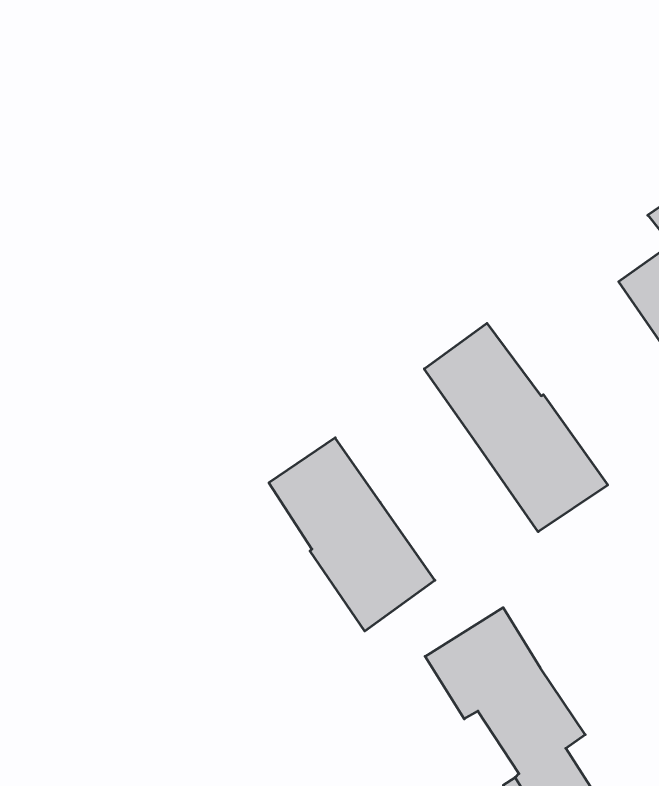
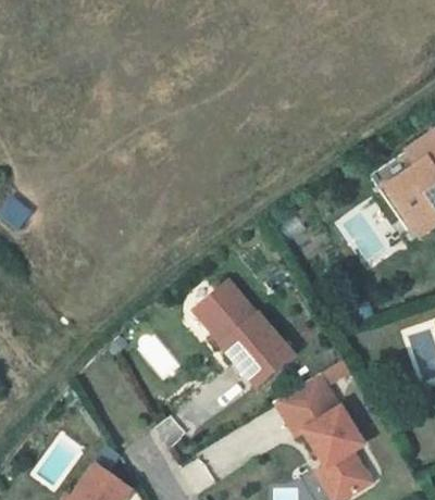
building: [424,323,608,532] -> none

